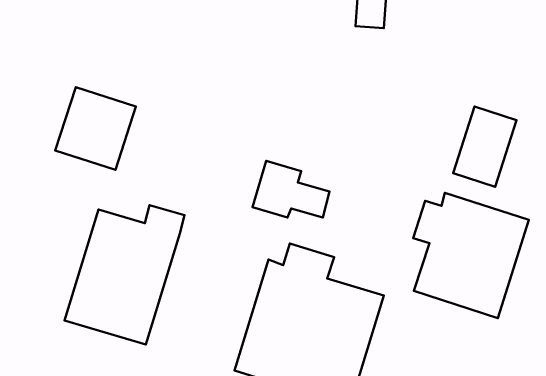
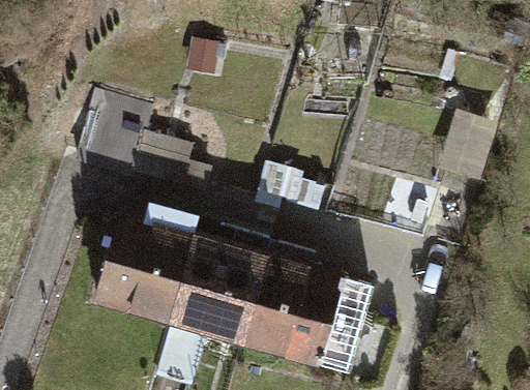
building: [413,193,529,318] -> none
building: none -> [163,212,274,348]

